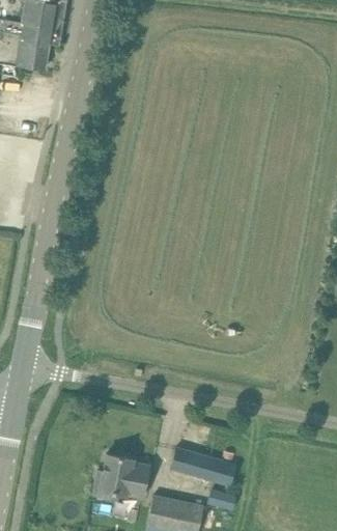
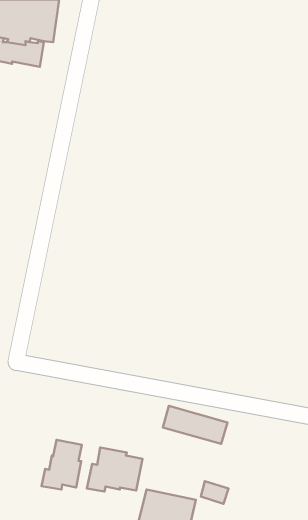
building: none -> [42,440,82,490]
building: [172,447,237,485] -> [163,406,227,444]

